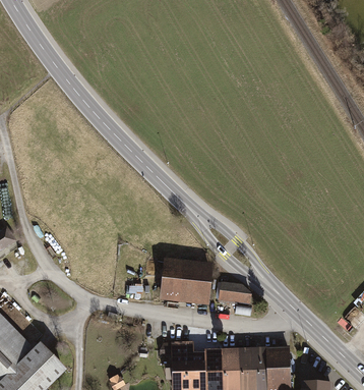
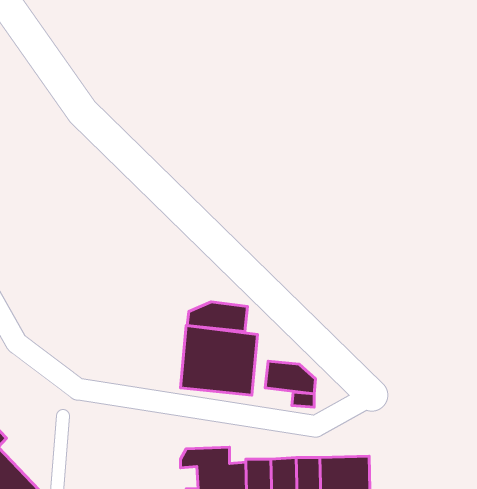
building: none -> [187,302,248,332]

